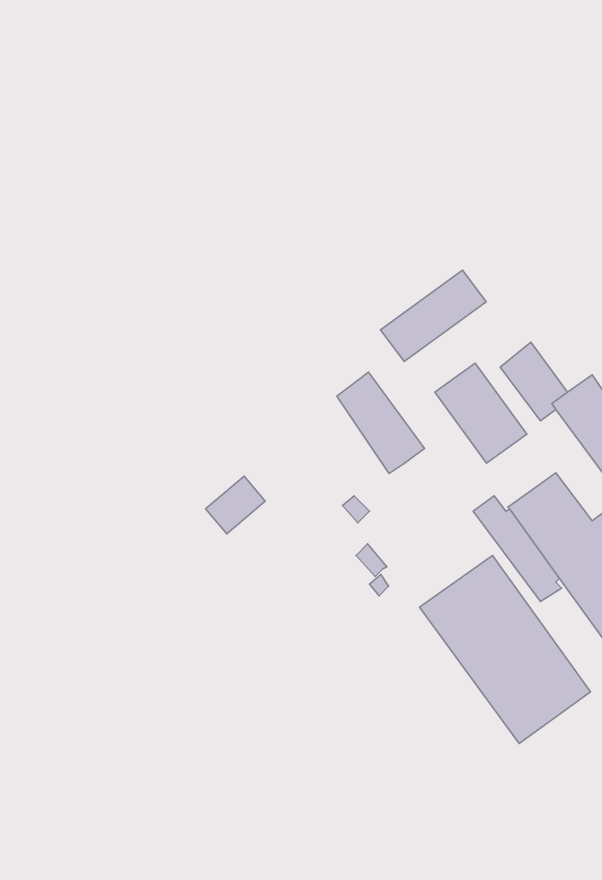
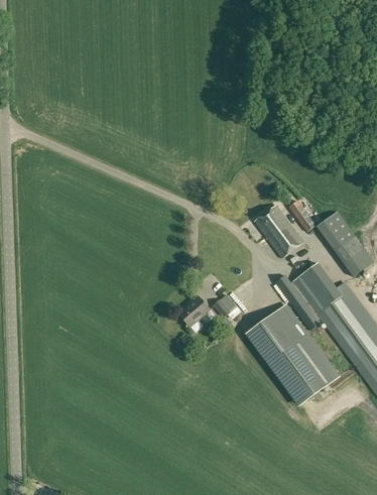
building: [380,270,486,362] -> none
building: [337,372,424,473] -> none
building: [206,476,265,534] -> [177,296,209,327]

